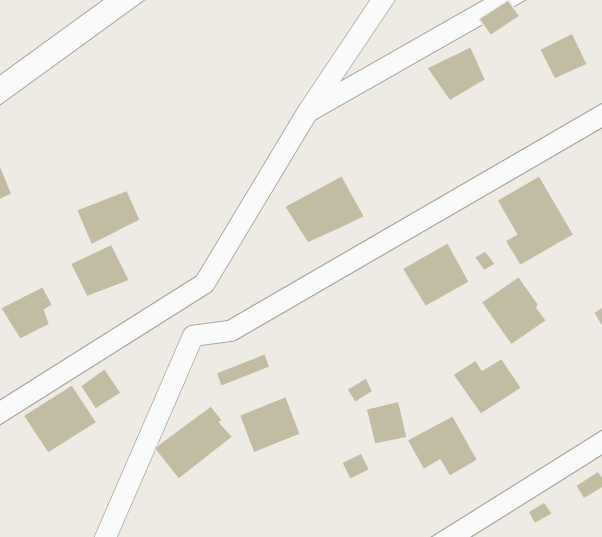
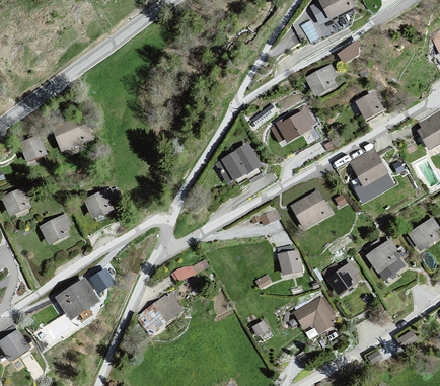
building: [540,33,587,79] -> [358,93,387,122]
building: none -> [270,107,315,146]
building: [77,191,140,244] -> [53,120,92,153]
building: [481,276,547,345] -> [365,237,406,280]
building: [239,397,300,453] -> none
building: [366,401,407,444] -> [277,247,302,274]

